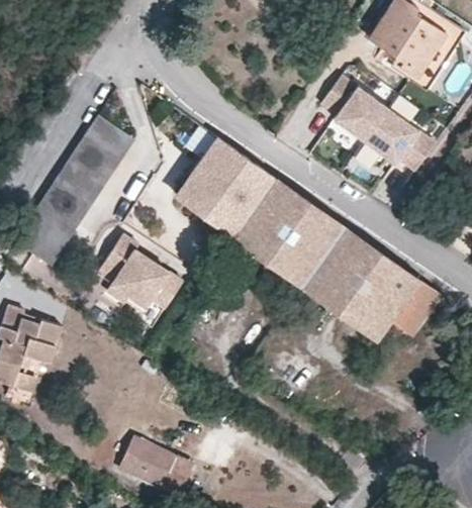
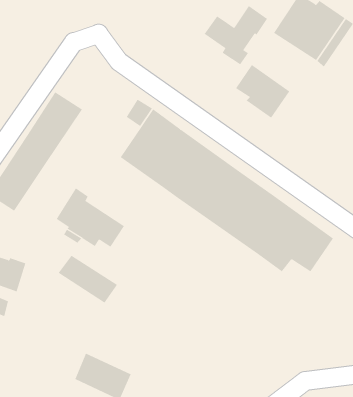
building: none -> [204,5,268,65]
building: [364,115,435,177] -> none
building: none -> [58,255,118,304]

